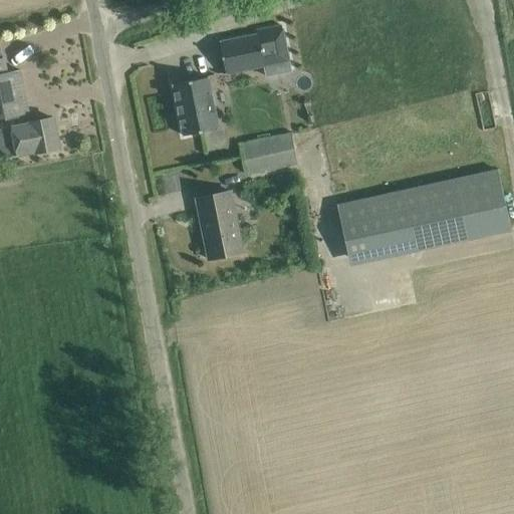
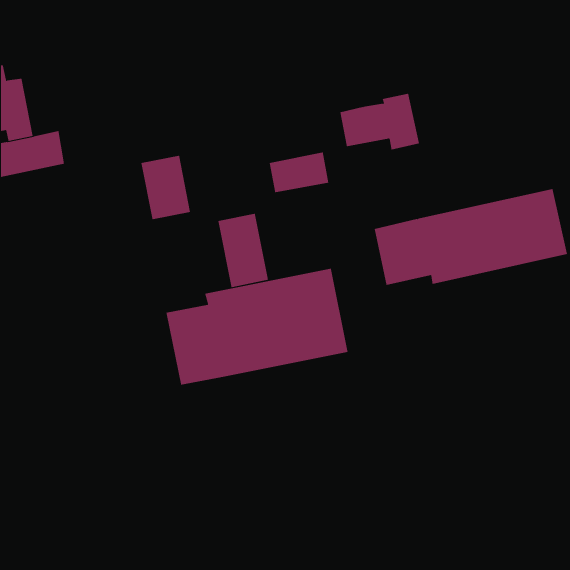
building: [219,25,291,76] -> [340,93,420,150]
building: [173,77,218,136] -> [141,155,191,220]
building: none -> [166,268,348,385]

